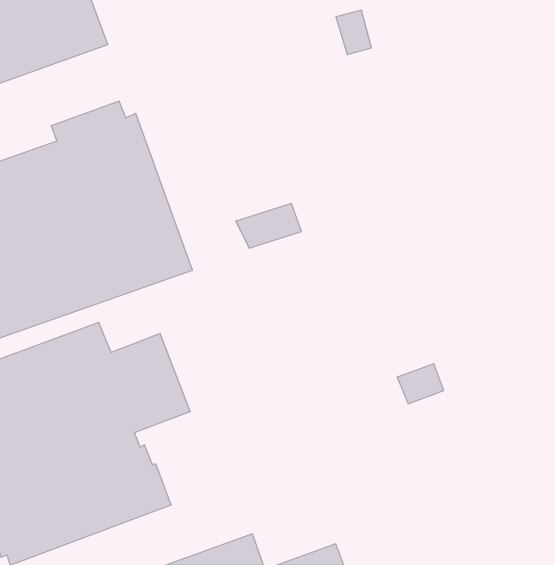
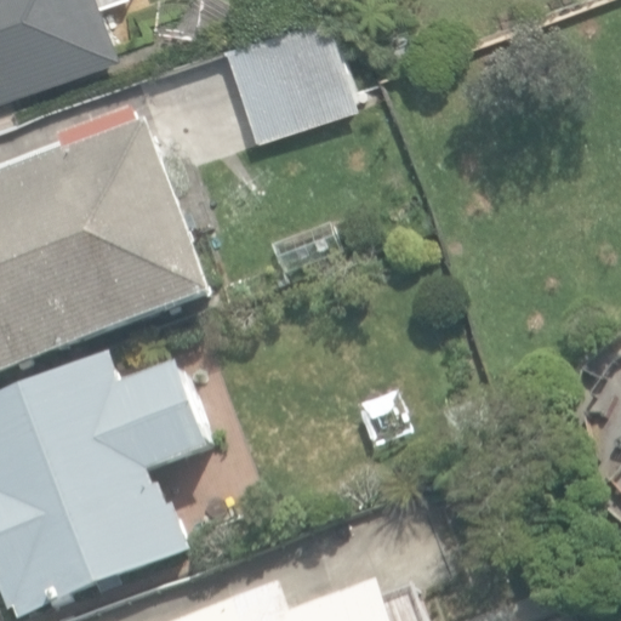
building: none -> [220,6,354,135]

